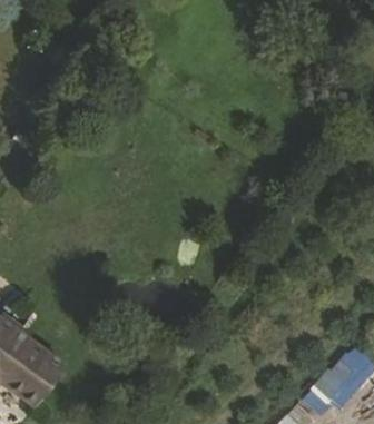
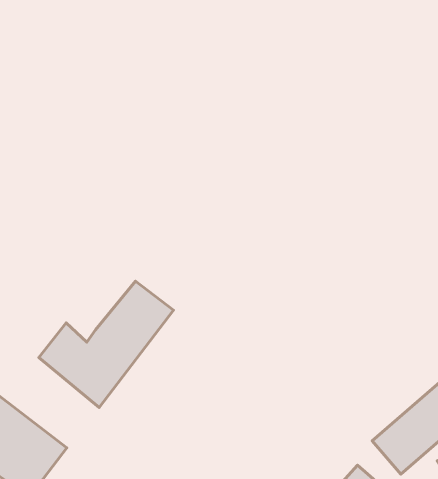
building: none -> [39,281,173,408]

